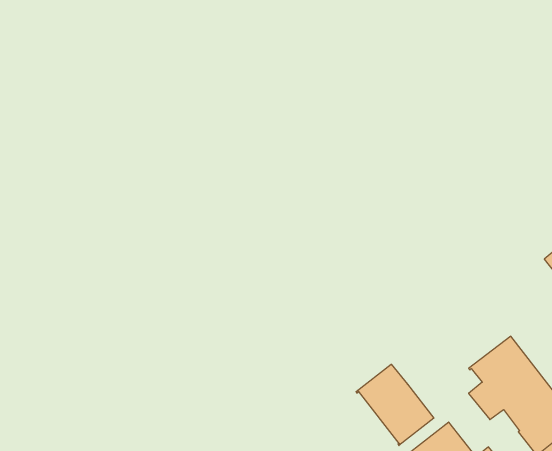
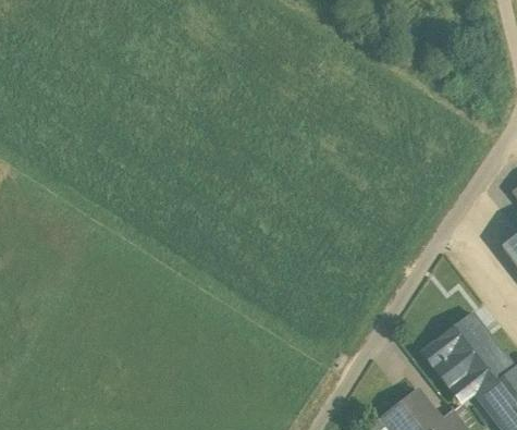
building: [356,364,434,446] -> none

